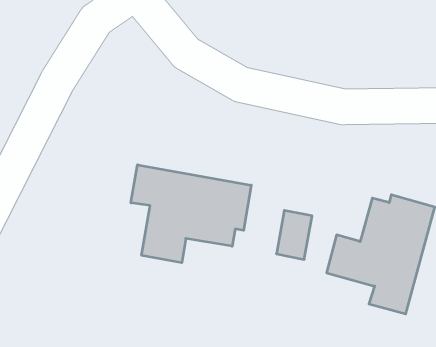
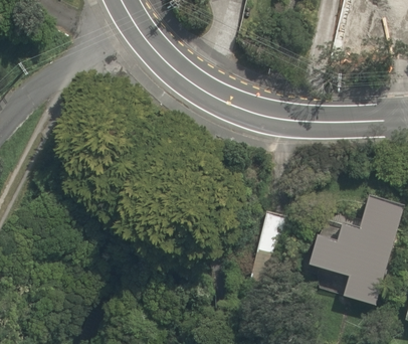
building: [131,165,251,263] -> none

